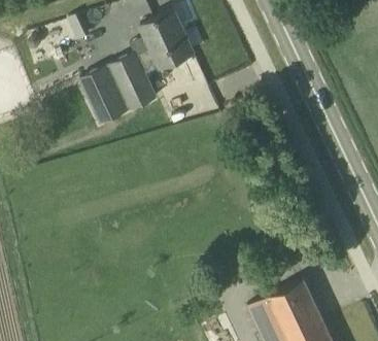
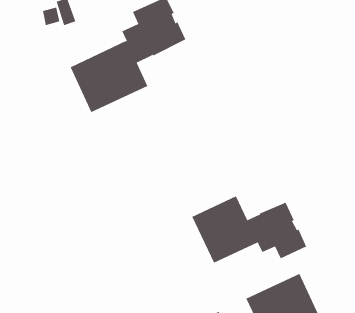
building: none -> [192,195,307,264]

